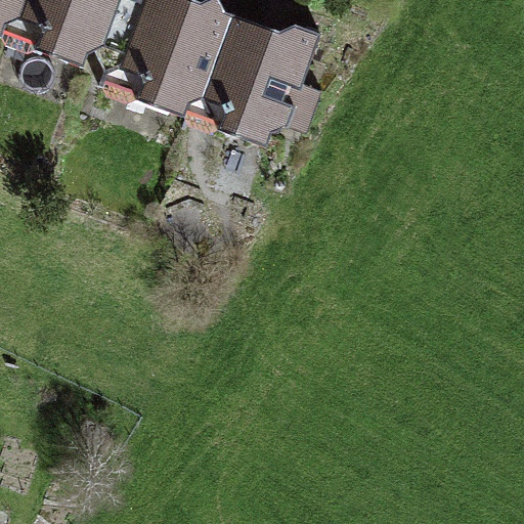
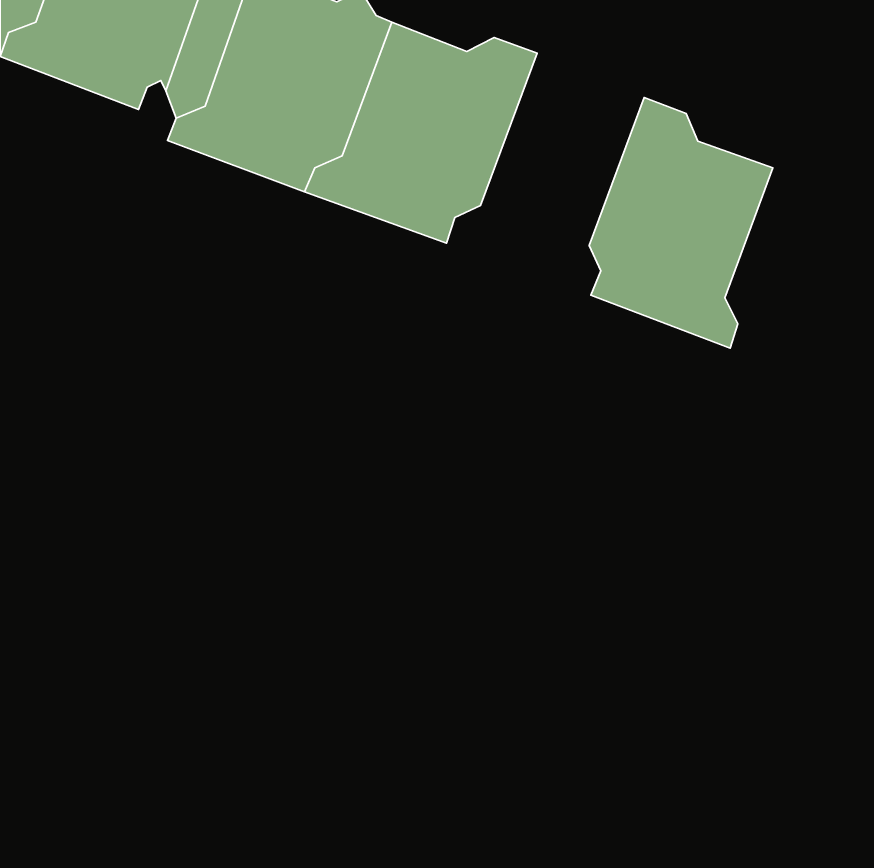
building: none -> [589,98,773,348]

